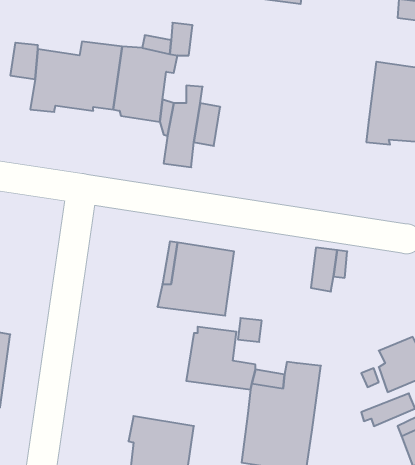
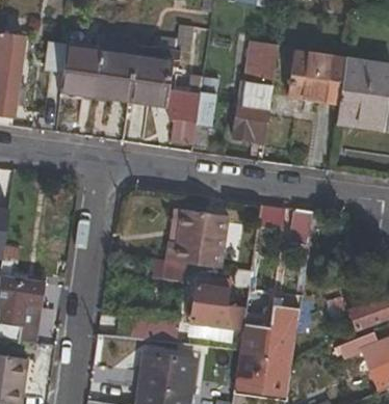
building: none -> [233,44,277,142]
building: none -> [287,49,346,105]

